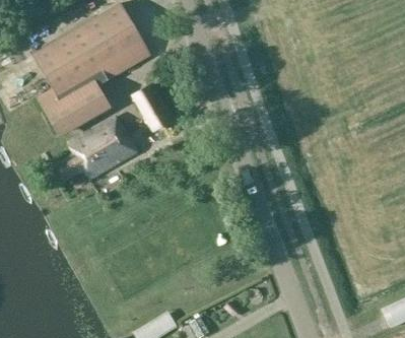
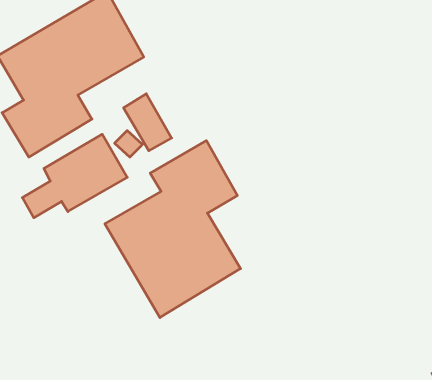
building: none -> [105,141,241,318]

